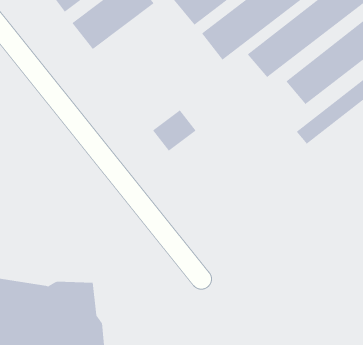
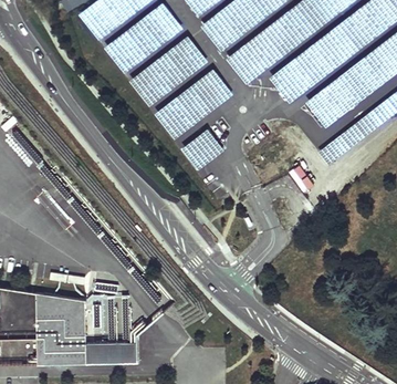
building: none -> [129,38,207,107]
building: none -> [156,71,234,141]

